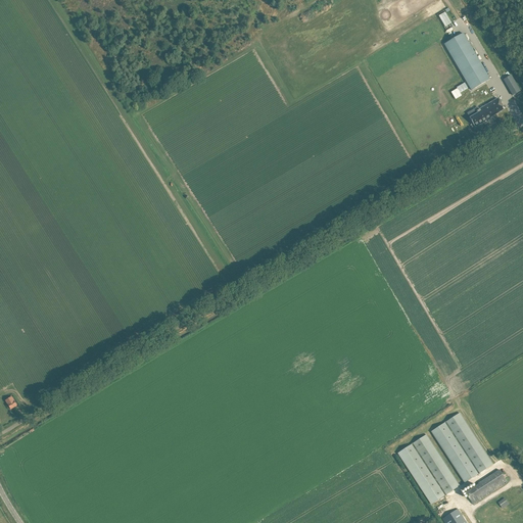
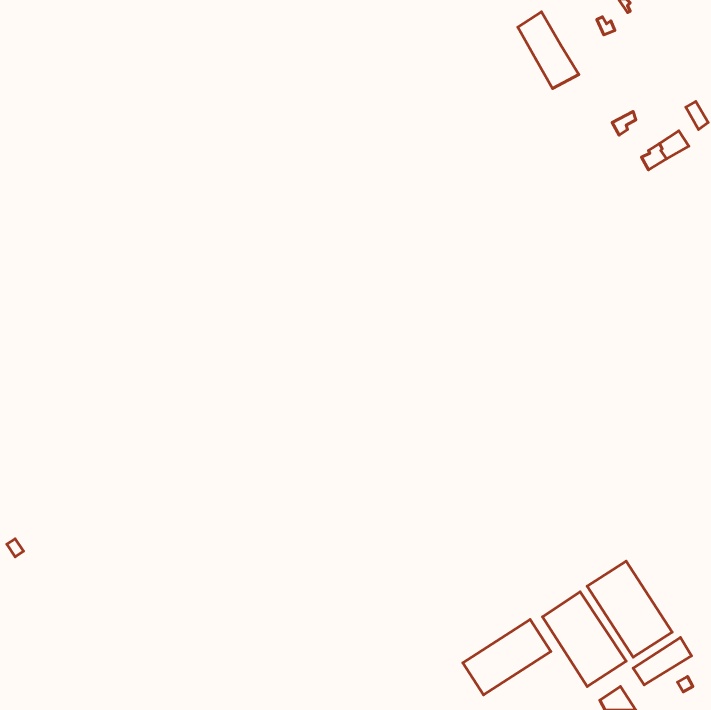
building: [445,33,490,89] -> [518,12,579,88]
building: none -> [463,619,551,695]

